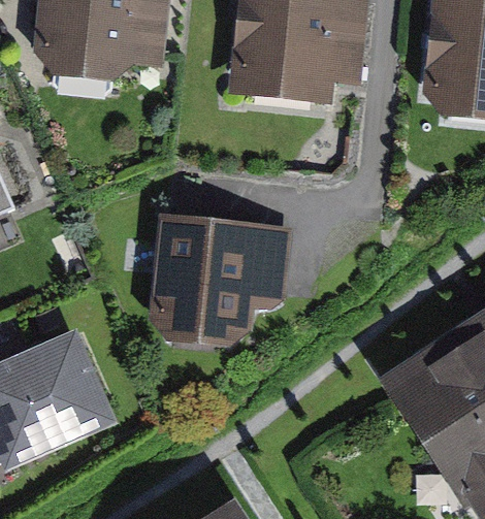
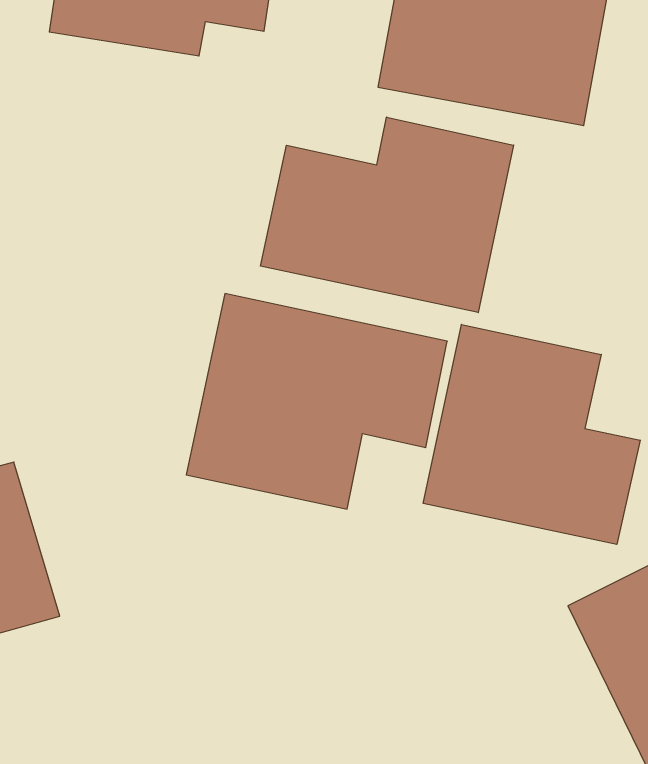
building: none -> [261,117,514,313]
building: none -> [423,324,640,544]

